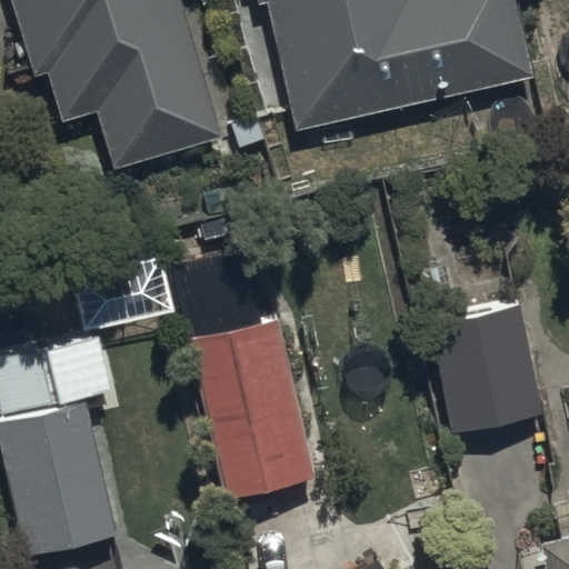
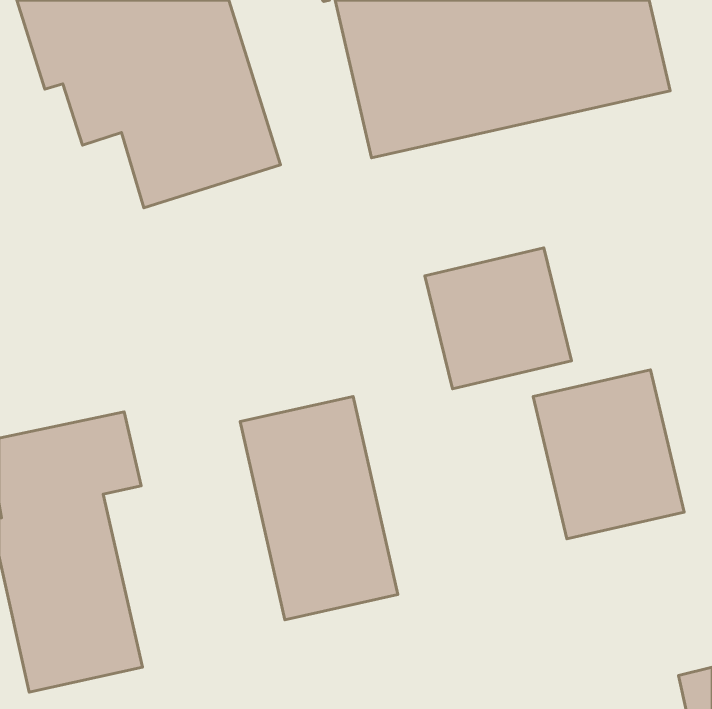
building: none -> [425,248,571,389]

